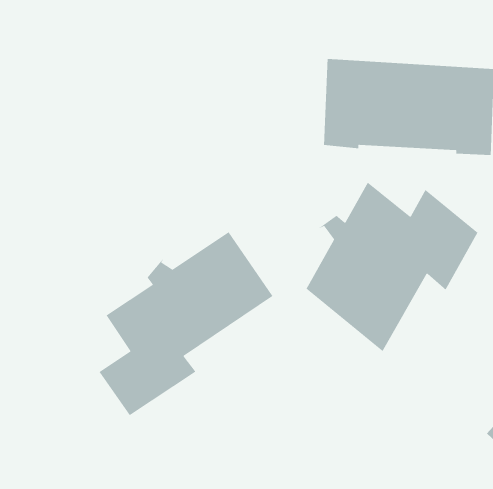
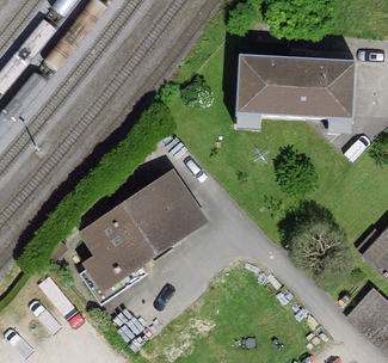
building: [305,181,478,352] -> none

